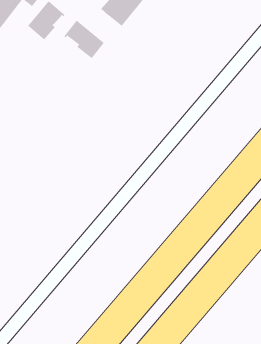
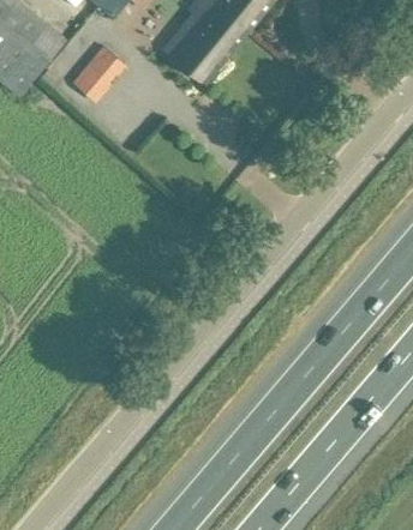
building: [63,20,105,59] -> none

